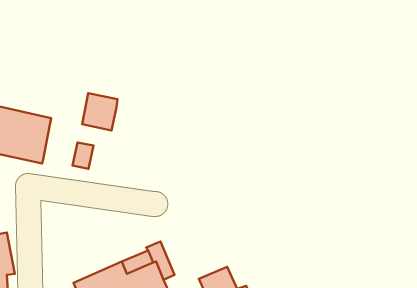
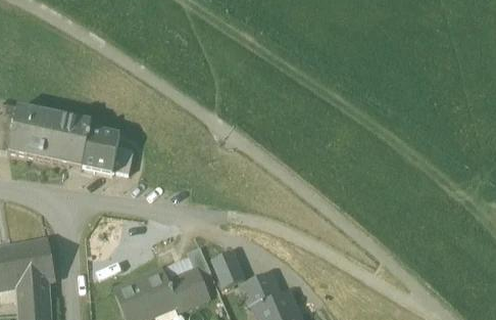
building: [82,93,118,130] -> [83,132,118,170]
building: none -> [211,249,244,287]

